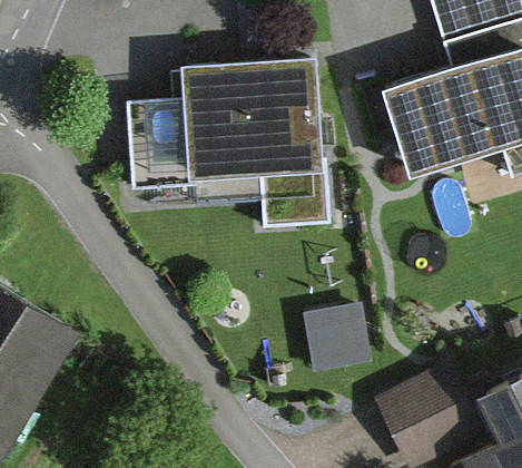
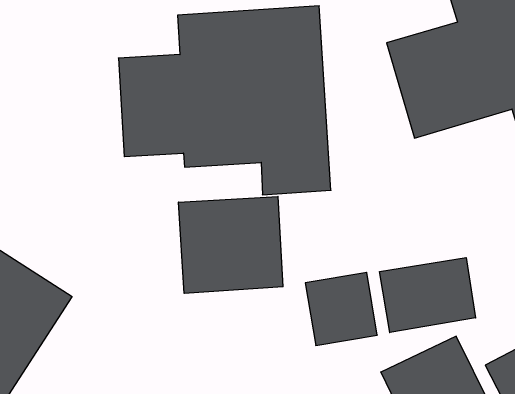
building: none -> [179,196,283,293]
building: none -> [380,258,476,333]

